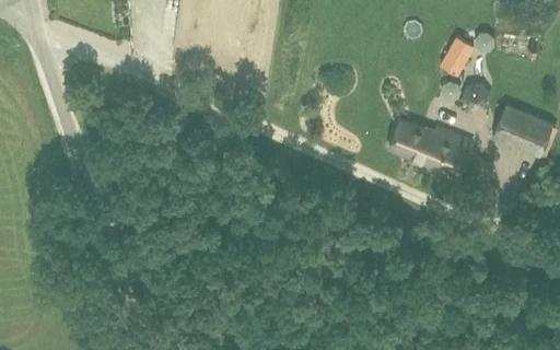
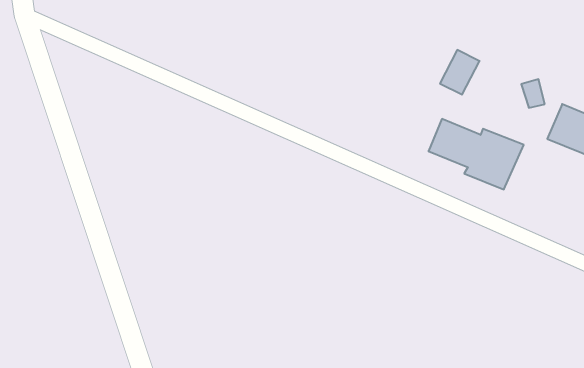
building: [444,35,479,74] -> [440,50,480,95]

